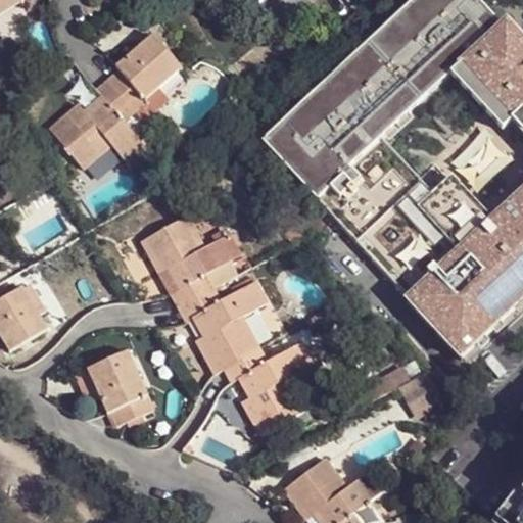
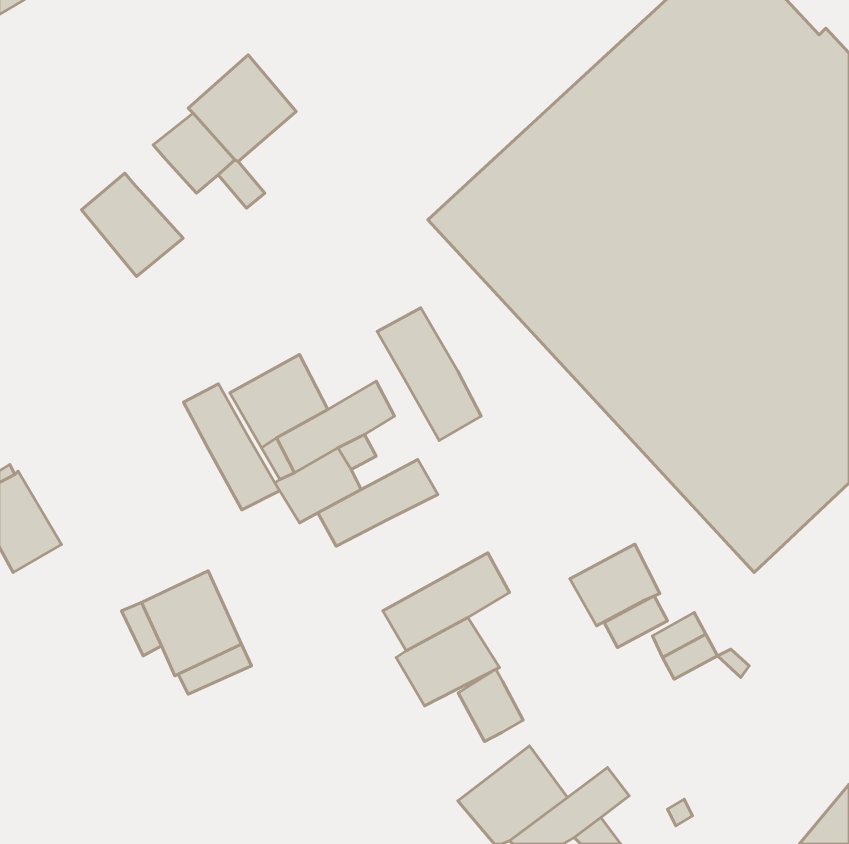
building: [82,96,149,167] -> none
building: none -> [377,308,481,441]
building: none -> [183,384,279,510]
building: [197,319,265,379] -> none
building: none -> [570,544,660,626]
building: none -> [458,669,523,742]

